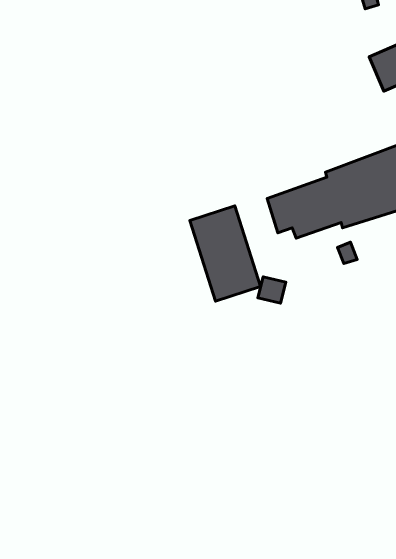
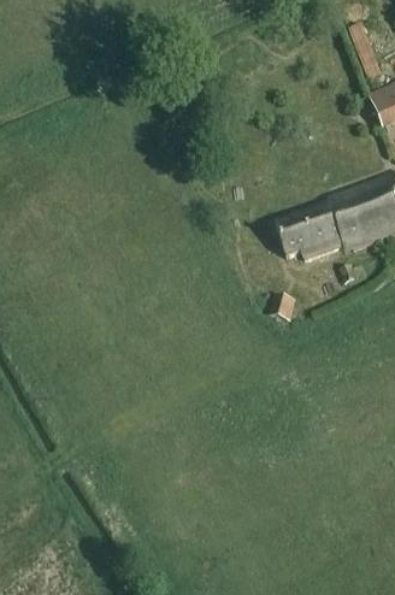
building: [190,206,260,301] -> none

